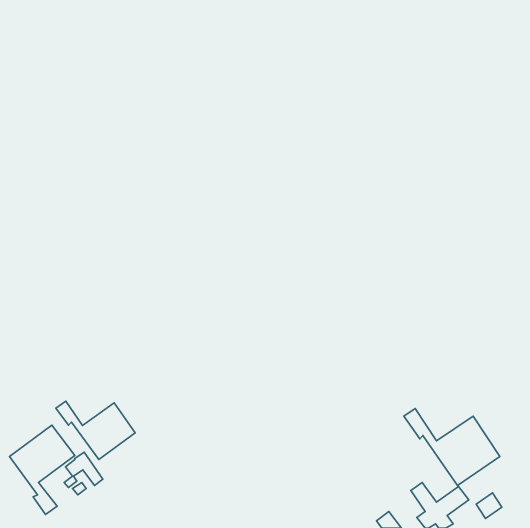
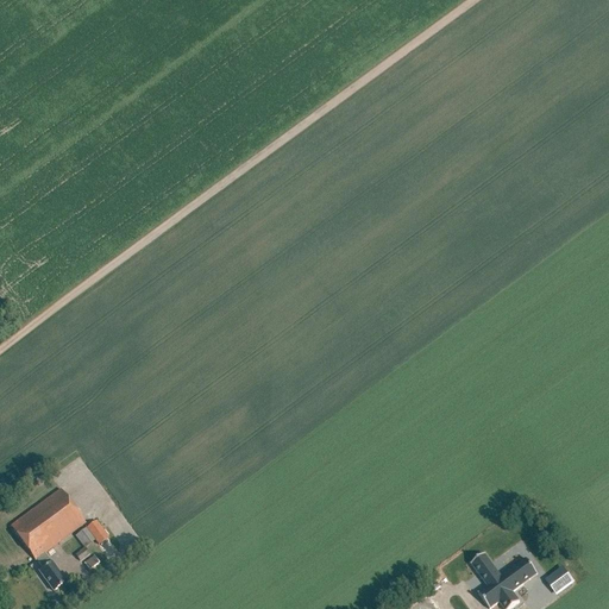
building: [56,401,135,459] -> none
building: [404,408,500,486] -> none

